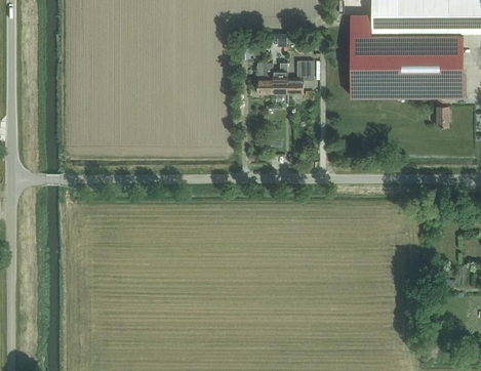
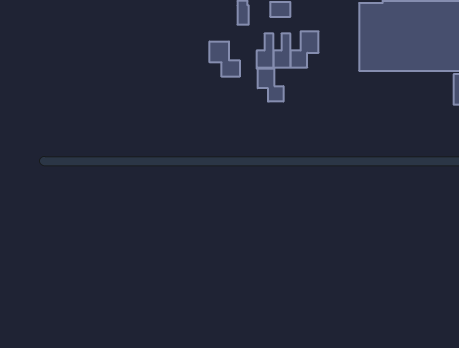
building: none -> [210,41,240,77]
building: none -> [258,69,283,102]

